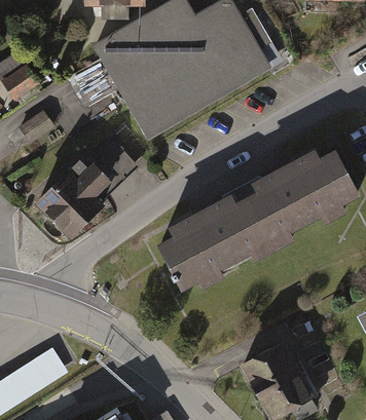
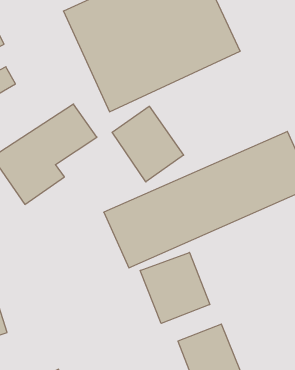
building: none -> [112,106,184,182]
building: none -> [140,252,210,323]

